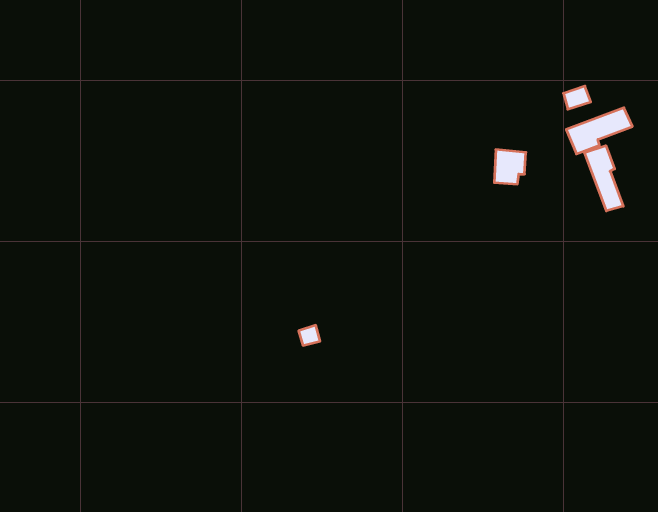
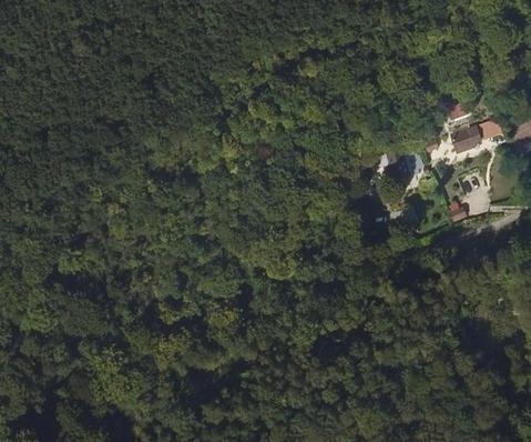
building: [585,146,623,211] -> none

